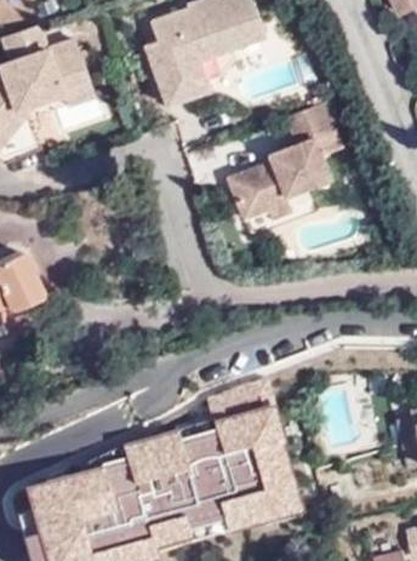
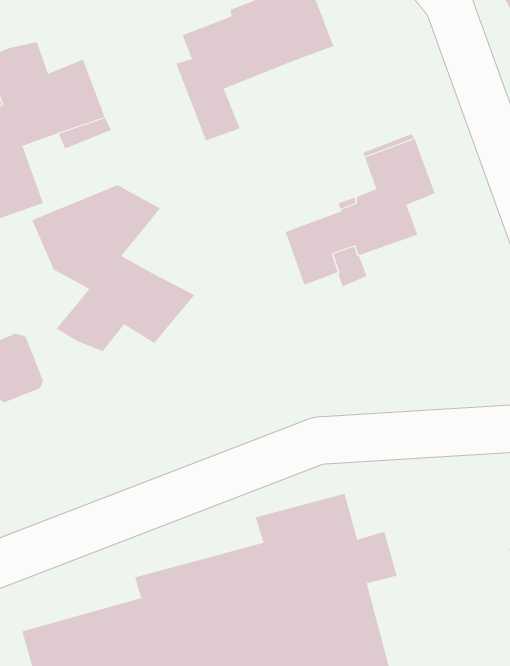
building: [179,48,235,99] -> none
building: none -> [31,184,195,352]

